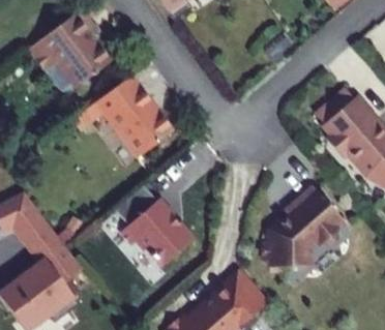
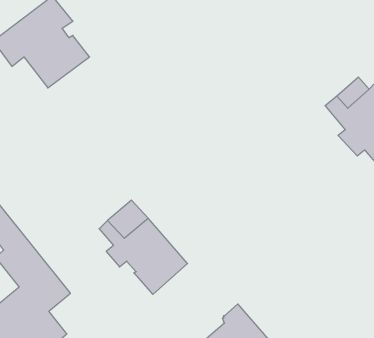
building: [81,78,168,160] -> none
building: [261,180,339,261] -> none

